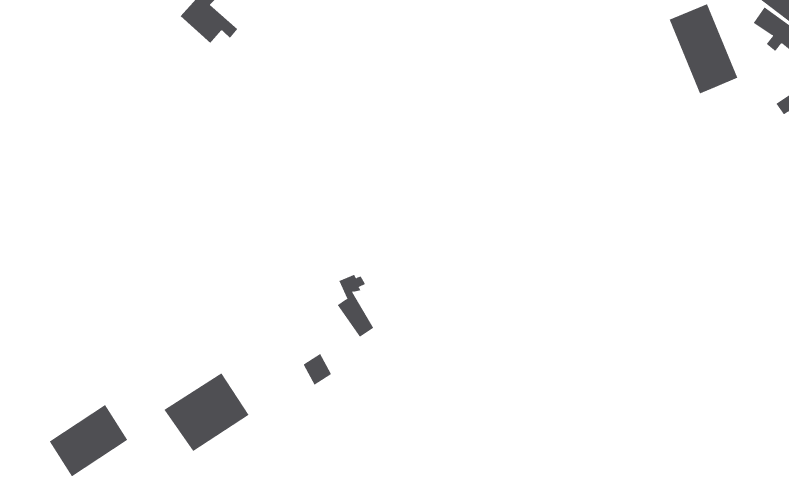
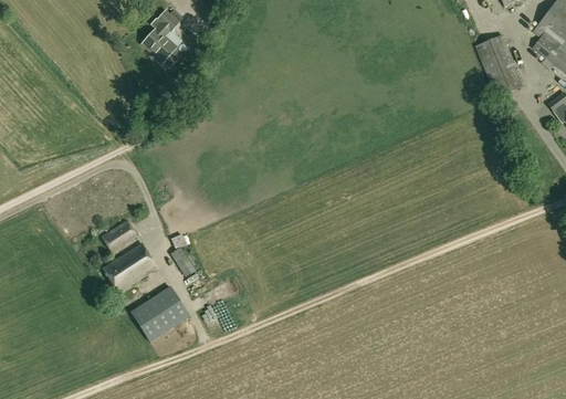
building: [337,274,374,337] -> [170,233,196,276]
building: none -> [102,220,137,252]
building: [49,404,128,477] -> [103,243,157,293]

